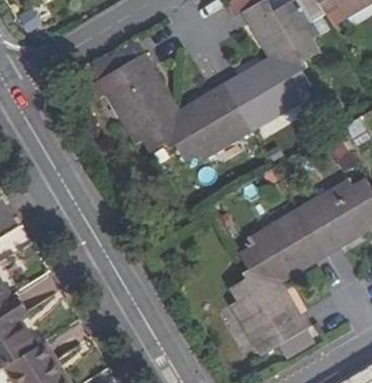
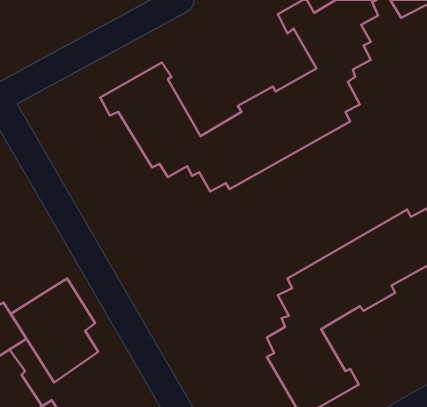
building: none -> [11,278,98,382]

